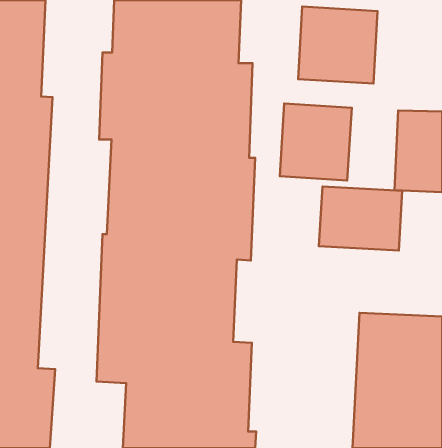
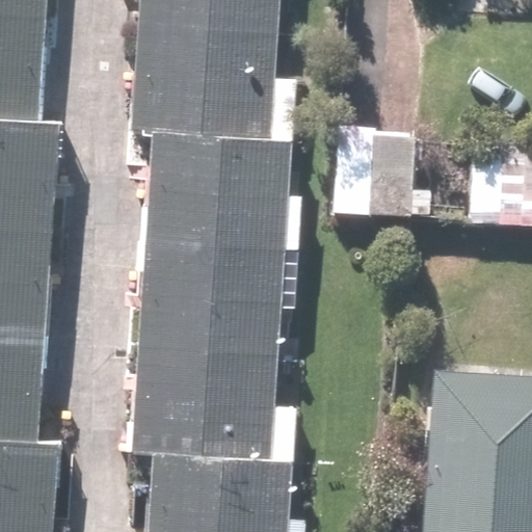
building: [298,7,378,84] -> none
building: [319,186,402,251] -> none

